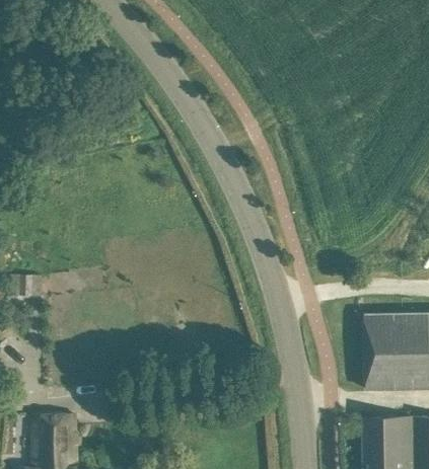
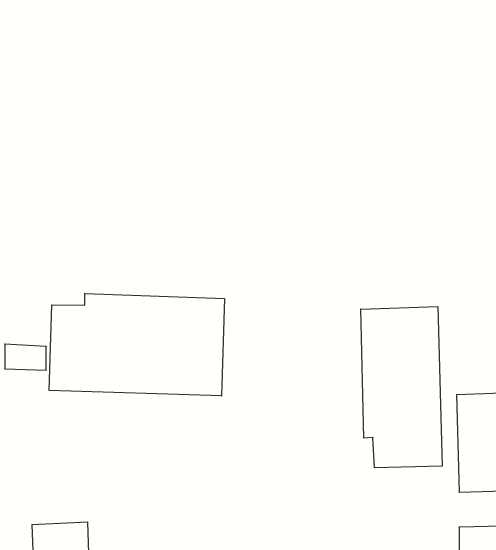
building: none -> [49,293,224,396]
building: none -> [361,307,442,468]

